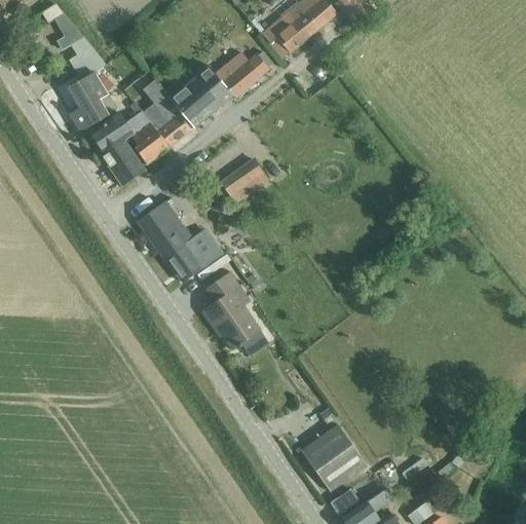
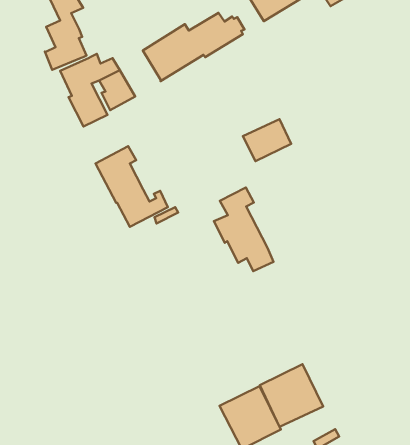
building: [130,79,193,147] -> none
building: [221,156,271,202] -> [243,119,291,161]
building: [201,271,268,355] -> [214,187,274,271]
building: none -> [260,364,323,427]

